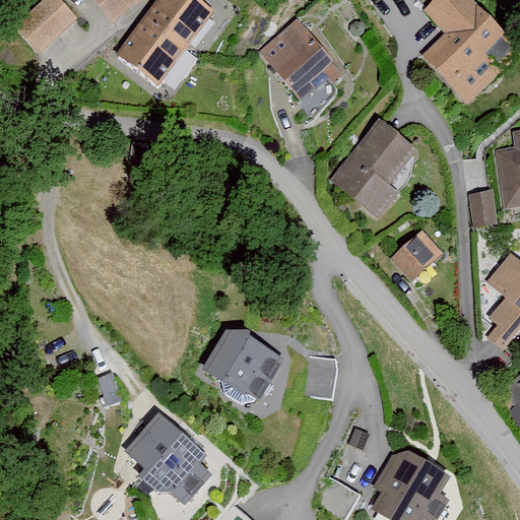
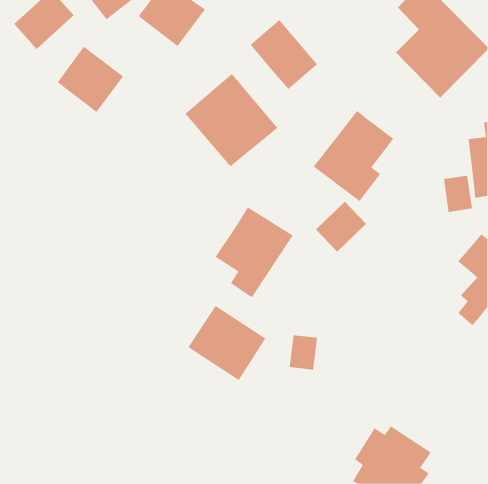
building: [118,17,189,88] -> [57,46,124,113]
building: none -> [185,73,278,167]
building: none -> [215,207,293,298]
building: [394,224,449,279] -> [315,201,367,253]
building: [119,411,210,506] -> none

